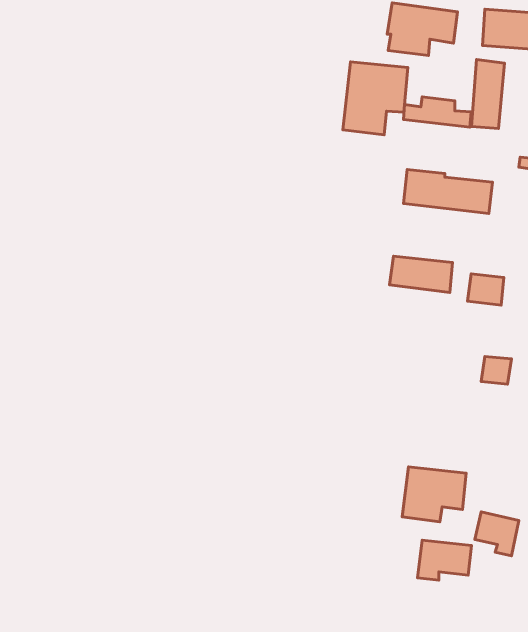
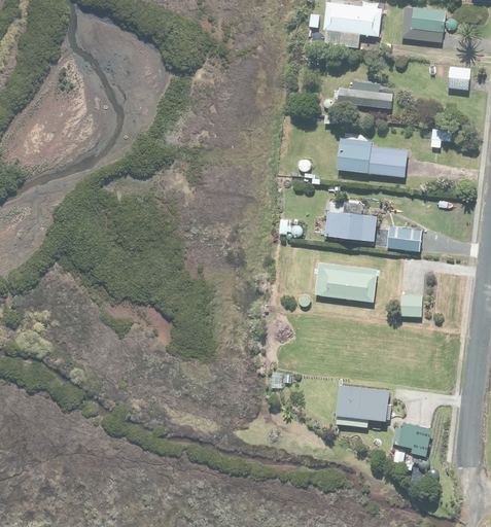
building: [471,60,505,128] -> none
building: [343,62,408,135] -> none
building: none -> [314,261,377,302]
building: [418,540,471,580] -> none

